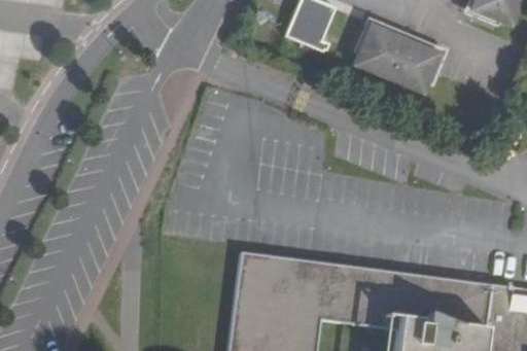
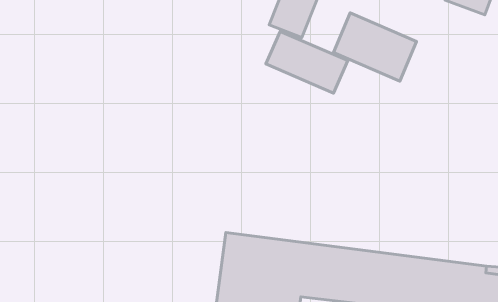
building: none -> [266,31,348,93]

